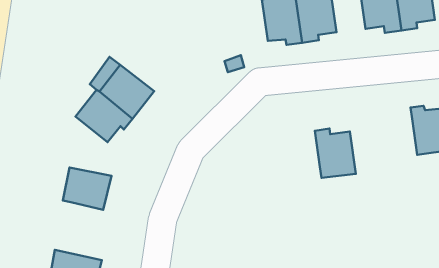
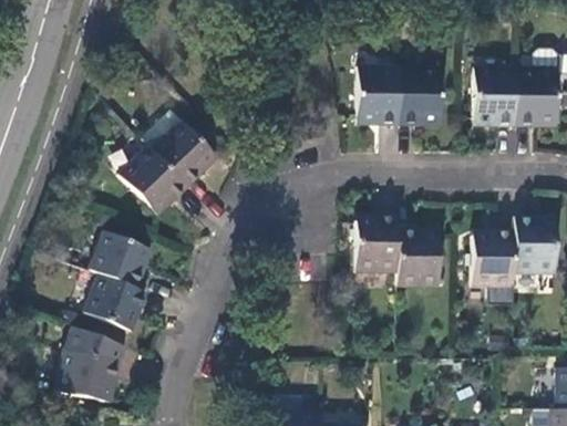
building: none -> [472,232,514,289]
building: none -> [355,217,398,273]
building: none -> [85,273,146,331]

